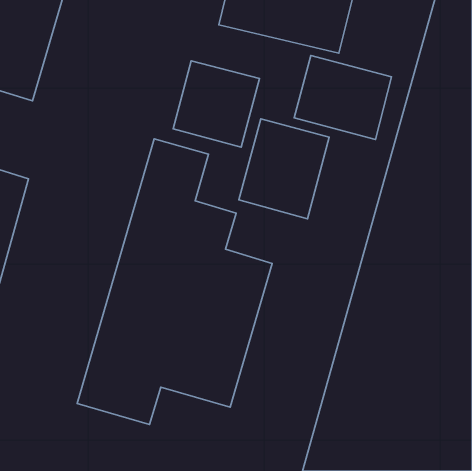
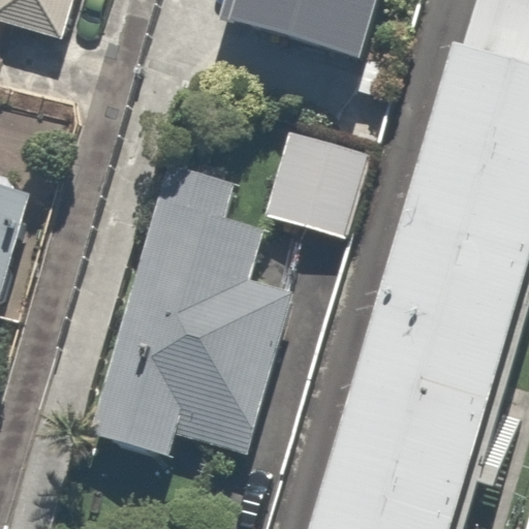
building: [294,56,391,139] -> none
building: [173,61,260,147] -> none

